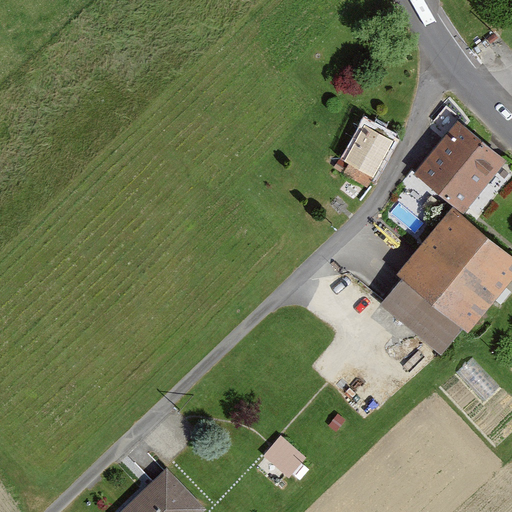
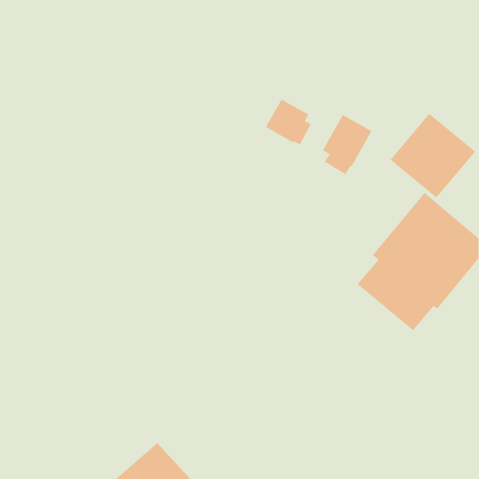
building: none -> [265,98,312,145]
building: [263,433,305,475] -> none

